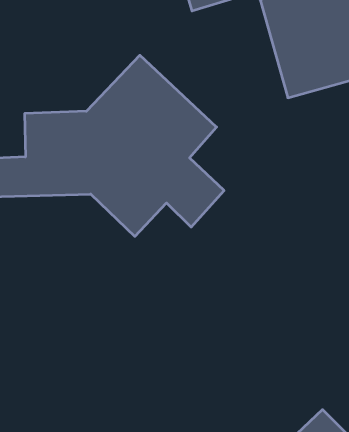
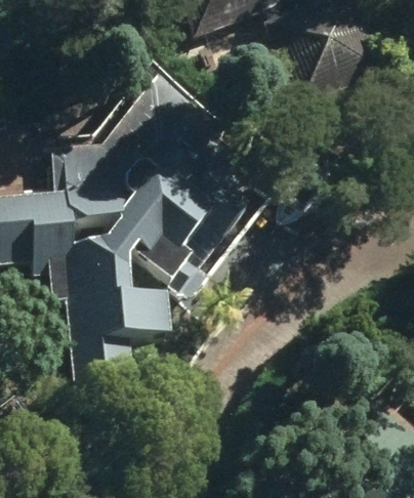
building: none -> [69,263,191,375]

